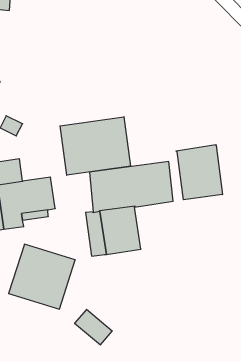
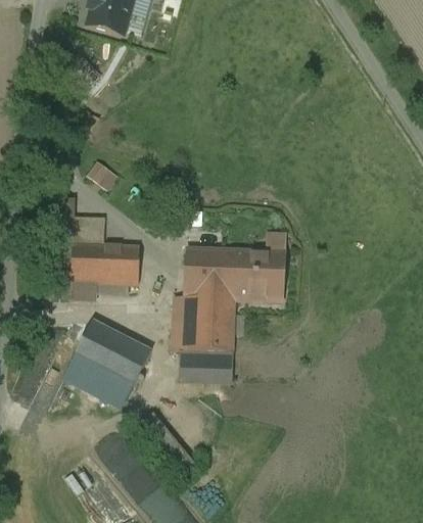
building: [60,117,130,175] -> none
building: [176,145,222,200] -> none
building: none -> [187,350,233,377]

